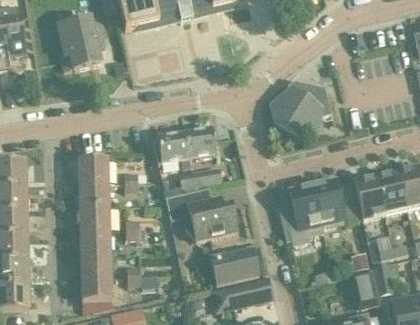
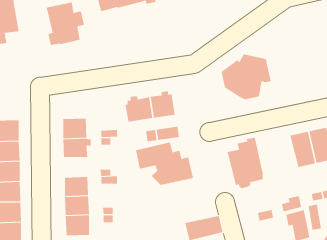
building: [312,178,359,227] -> none
building: [79,206,109,230] -> none
building: [209,248,260,284] -> none

